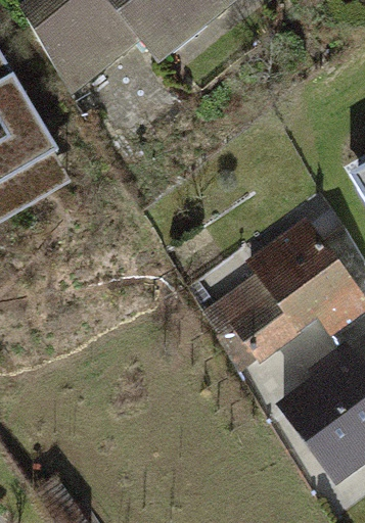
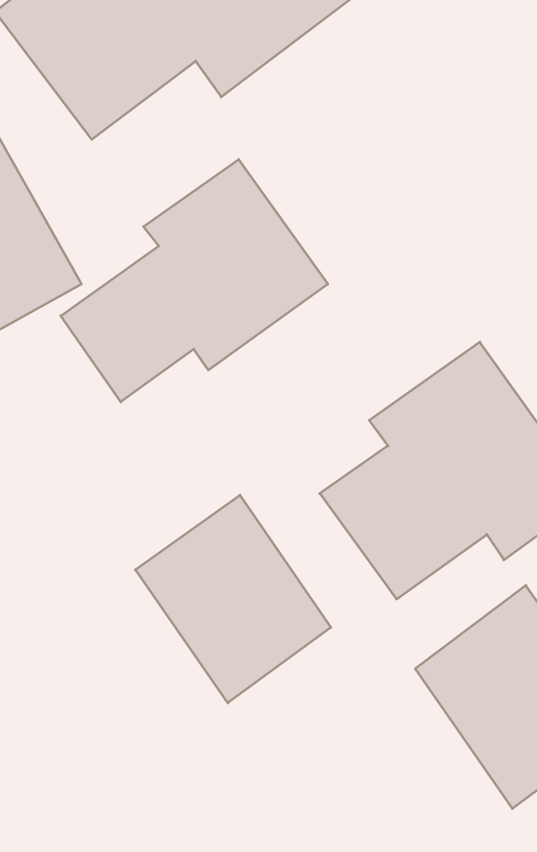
building: none -> [61,159,328,402]
building: none -> [135,495,331,703]

